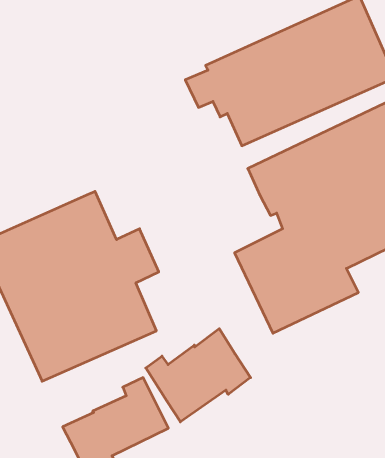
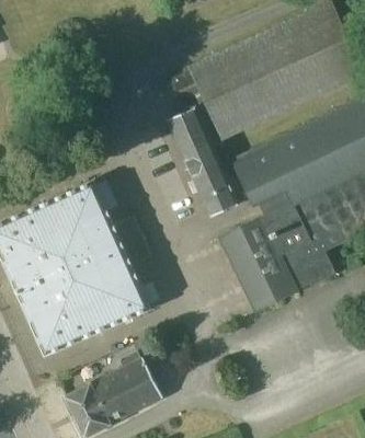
building: none -> [169,108,237,216]
building: [146,329,251,422] -> none

